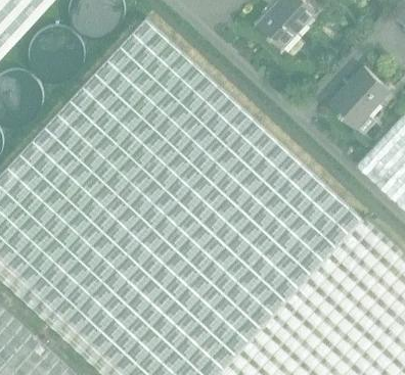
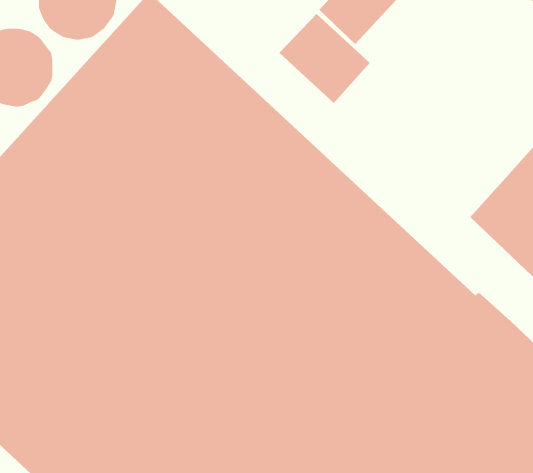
building: none -> [278,13,370,104]
building: [330,69,389,136] -> none

